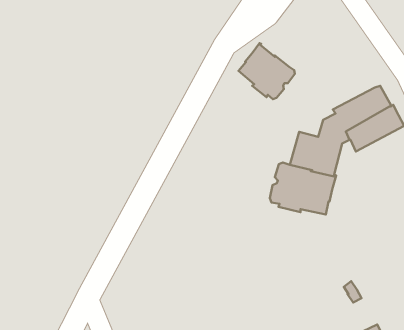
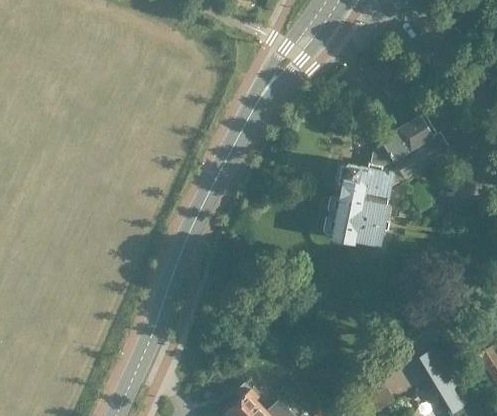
building: [238,43,295,99] -> none

